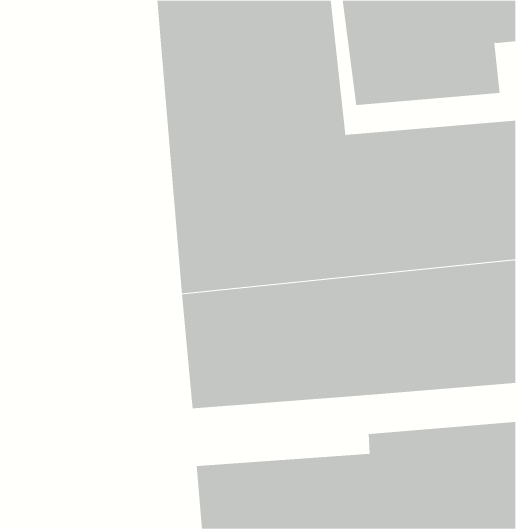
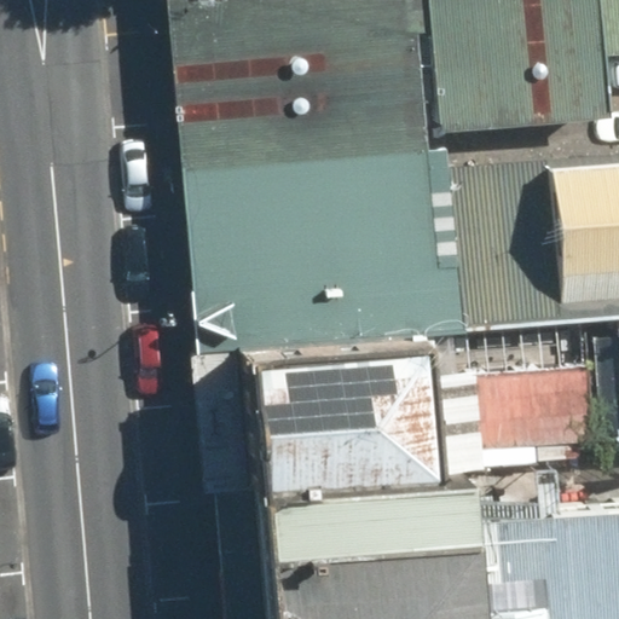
building: none -> [224,462,430,544]

